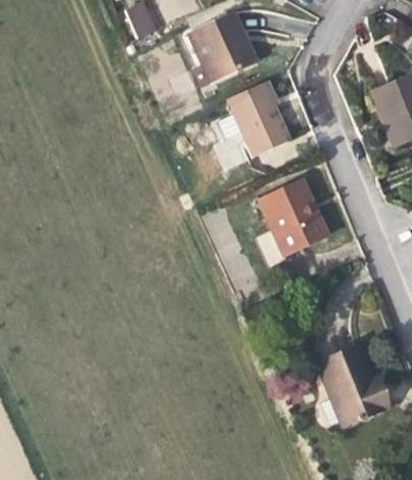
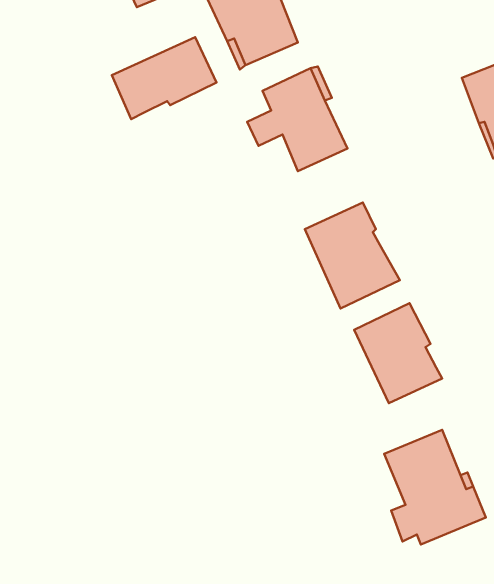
building: none -> [112,37,217,119]
building: none -> [354,303,442,403]

